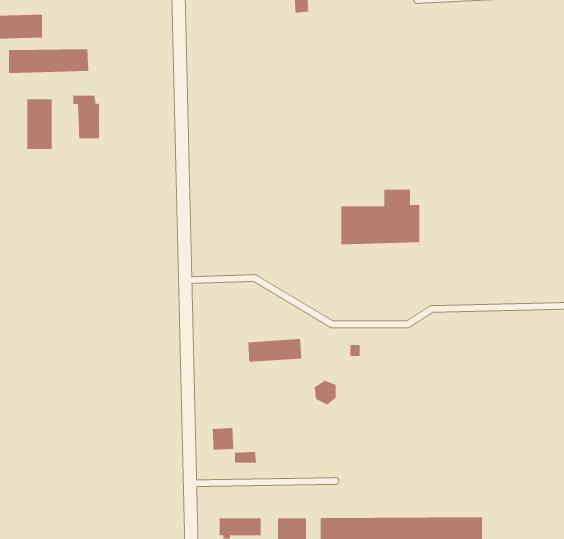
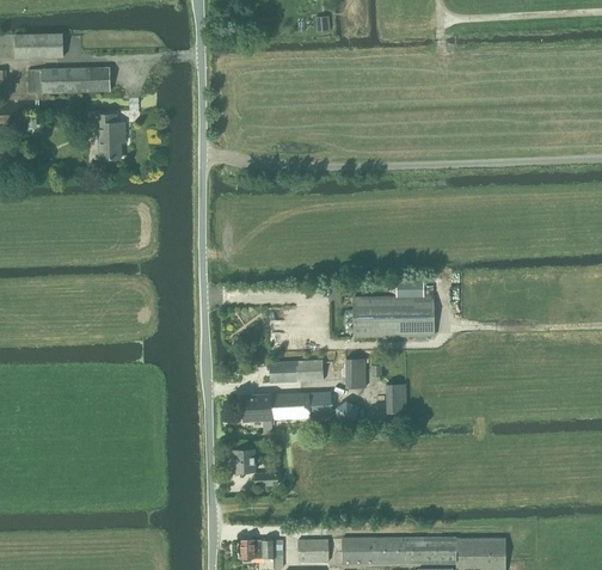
building: [27,99,52,150] -> none
building: [341,189,420,245] -> [354,280,434,336]
building: none -> [346,357,366,387]
building: none -> [387,382,407,412]
building: none -> [242,391,332,431]

